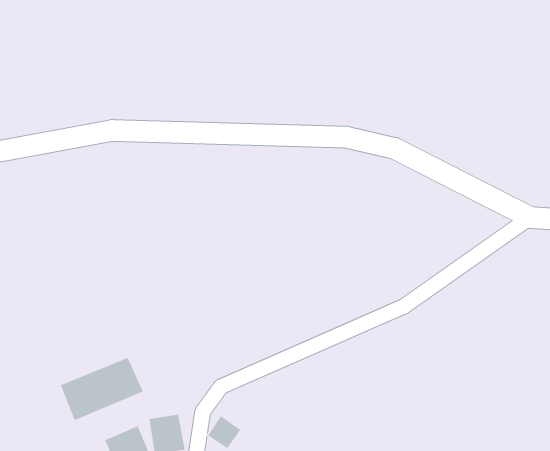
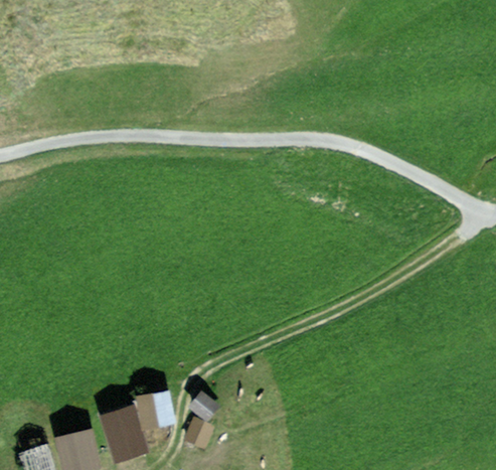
building: [60,357,144,421] -> none

